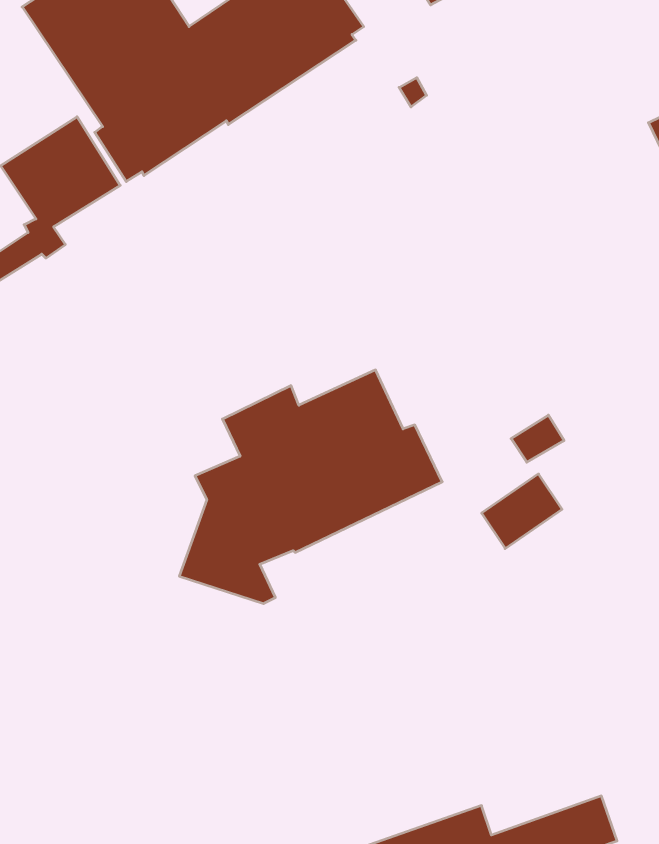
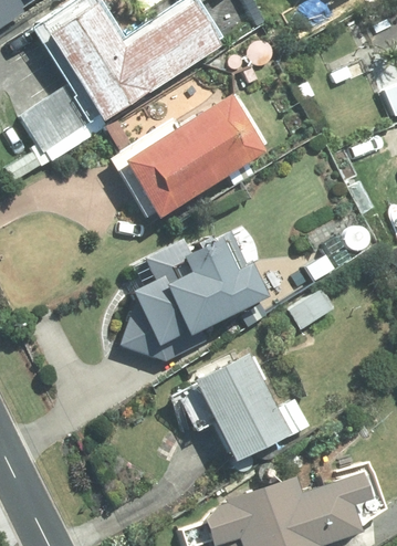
building: none -> [106,95,269,219]
building: none -> [190,354,311,462]

